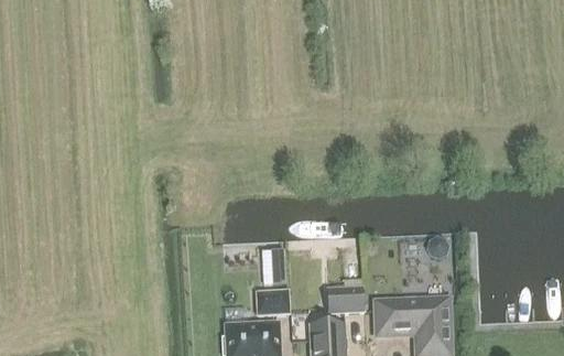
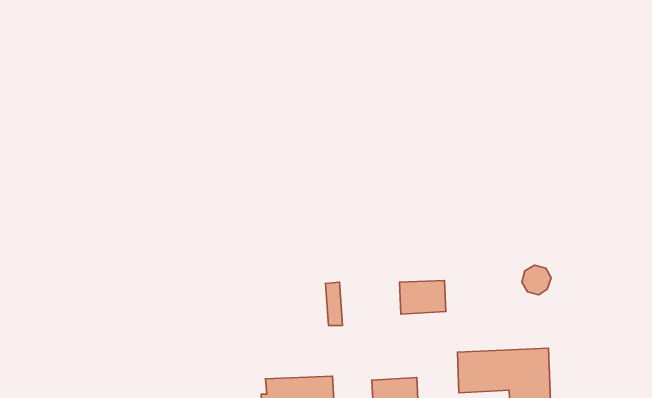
building: [327,287,364,313] -> [400,281,446,314]
building: [257,289,288,313] -> none

